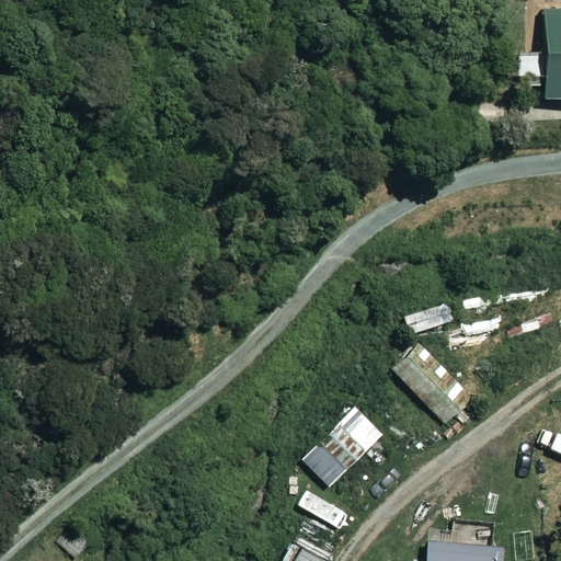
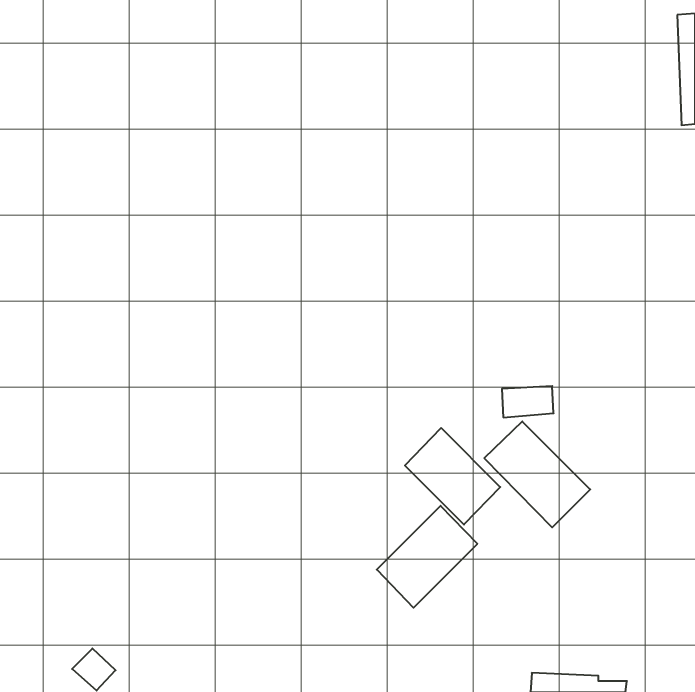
building: none -> [405,428,500,525]

